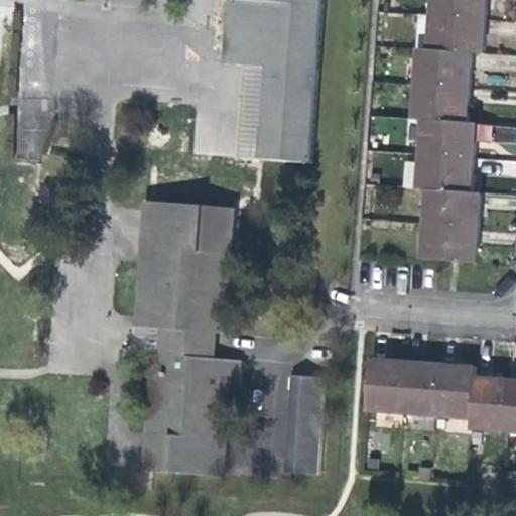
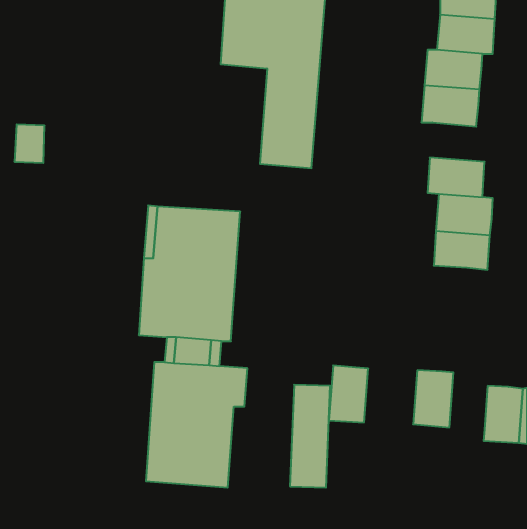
building: [418,119,475,157] -> none
building: [368,357,406,412] -> [329,365,368,422]
building: [437,362,476,417] -> none

